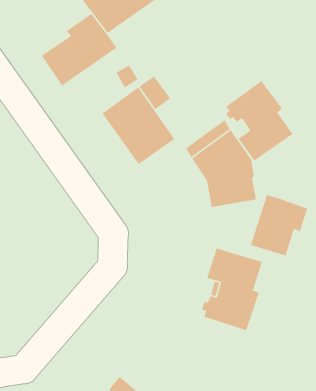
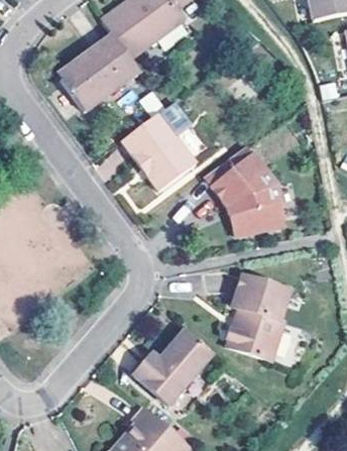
building: [225,80,294,162] -> none
building: [250,194,308,257] -> none
building: none -> [134,329,213,402]

